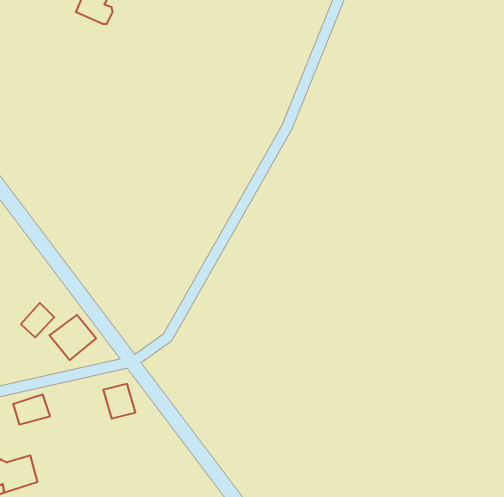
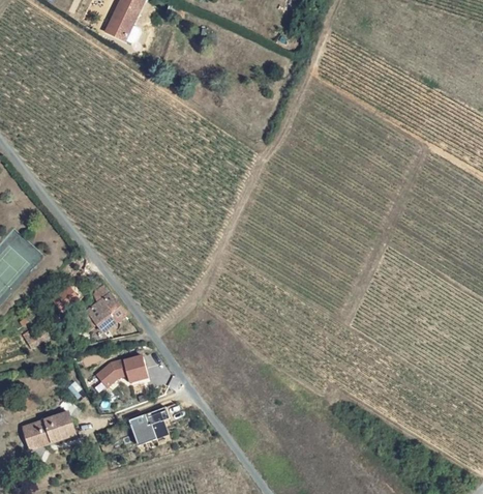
building: [13,395,50,424] -> [100,358,132,384]
building: none -> [133,406,175,443]

